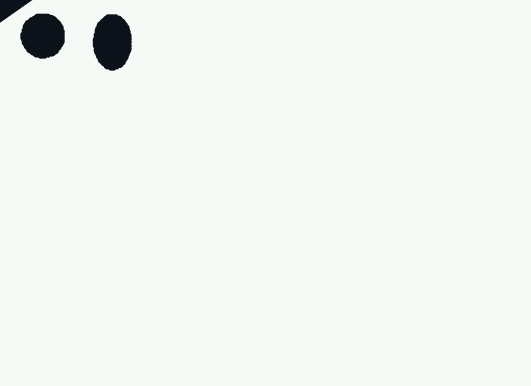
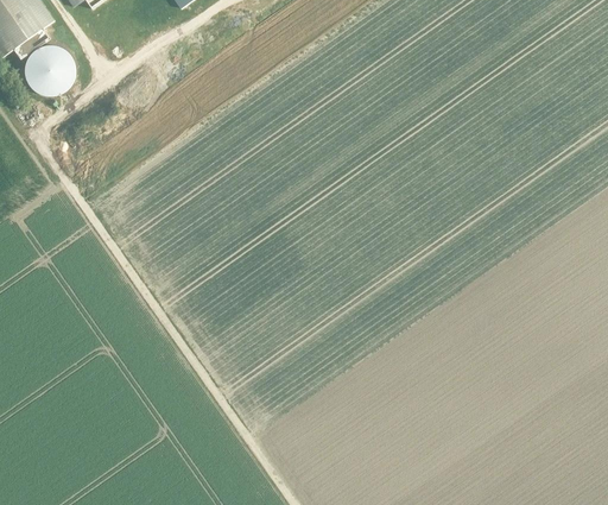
building: [92,13,132,72] -> none

